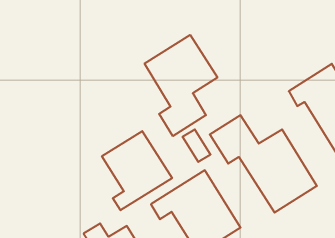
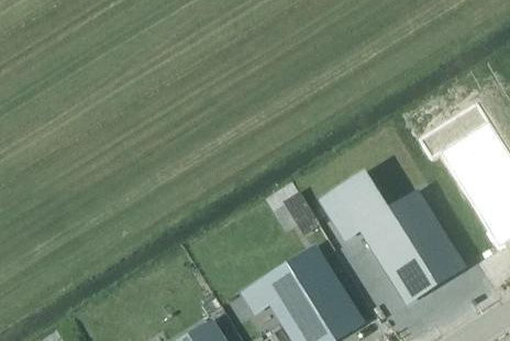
building: [145,35,217,136] -> none
building: [102,131,172,210] -> none

